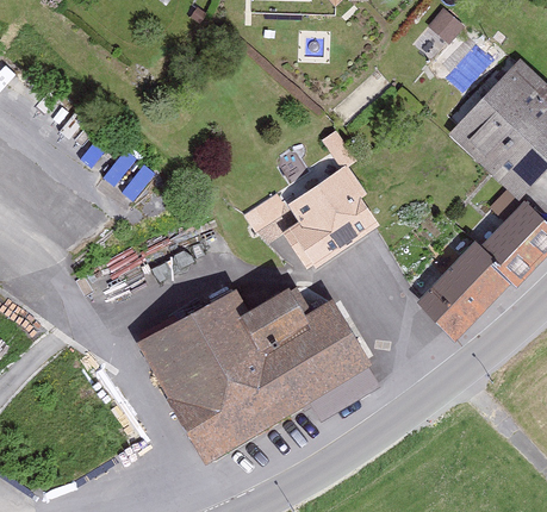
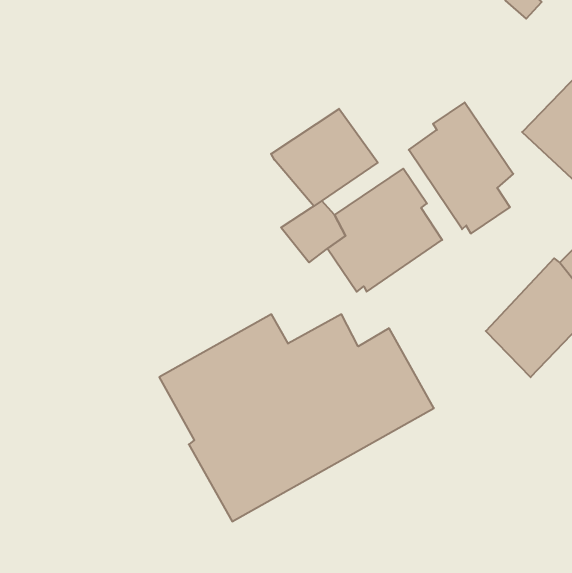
building: none -> [409,102,513,234]
building: none -> [271,109,378,206]

